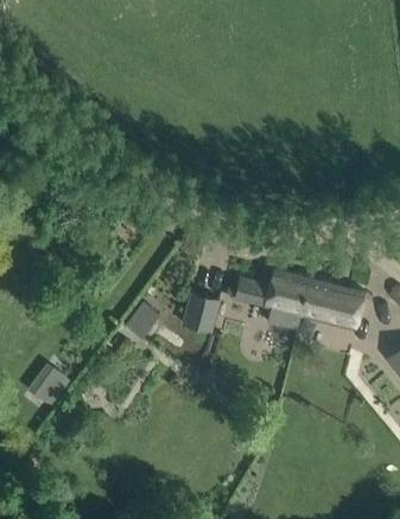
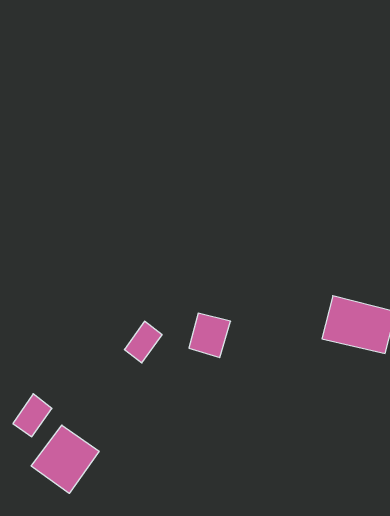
building: [234,269,310,331] -> none
building: none -> [31,425,99,493]

